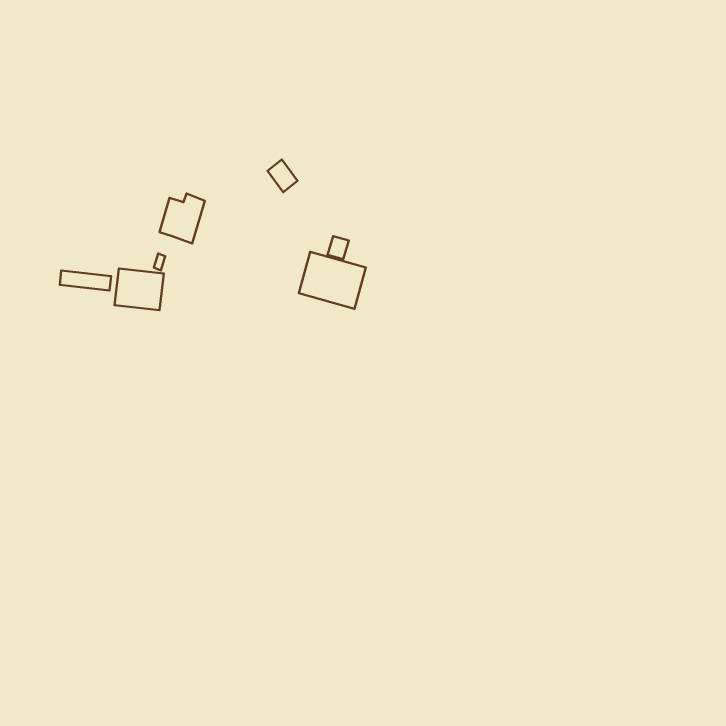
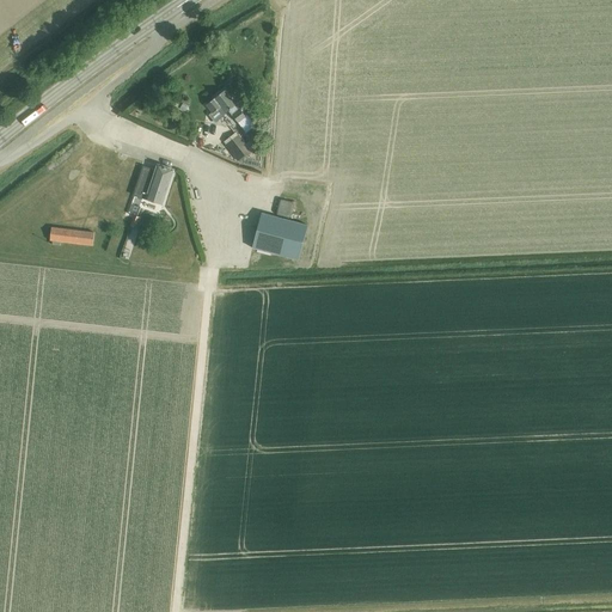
building: none -> [206,90,244,121]
building: [114,268,164,310] -> none

